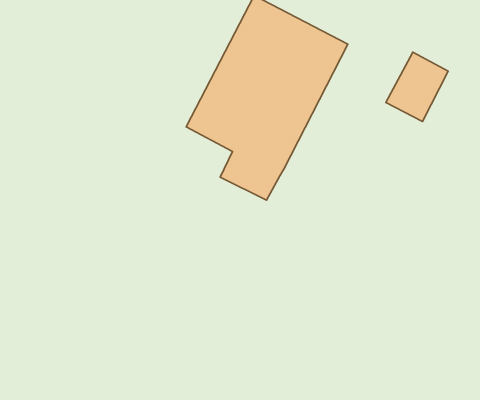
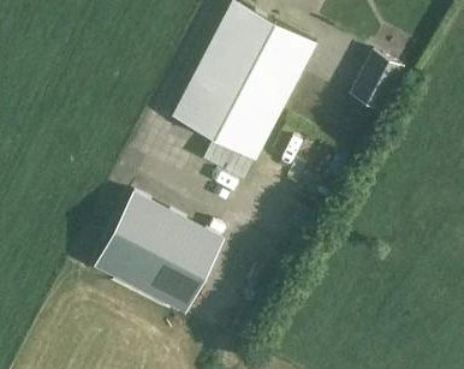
building: none -> [93,190,222,311]

